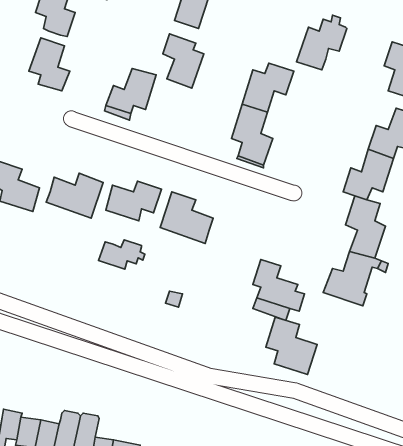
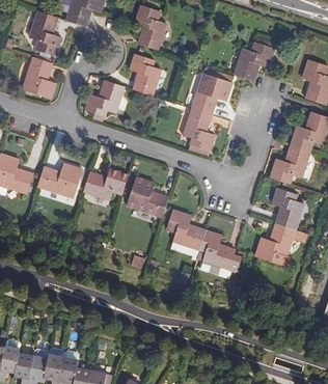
building: none -> [166,209,206,249]
building: [98,240,145,269] -> none
building: [266,317,317,374] -> none

